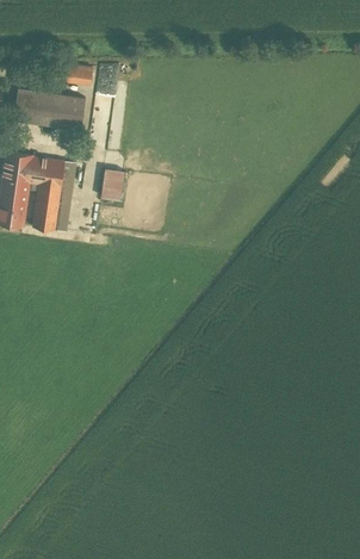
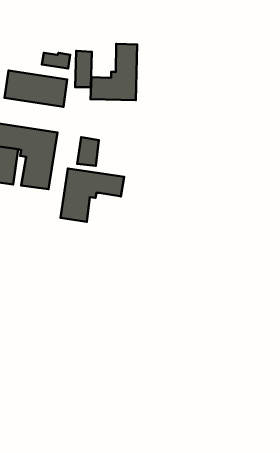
building: none -> [90,44,137,100]
building: none -> [61,168,124,222]

